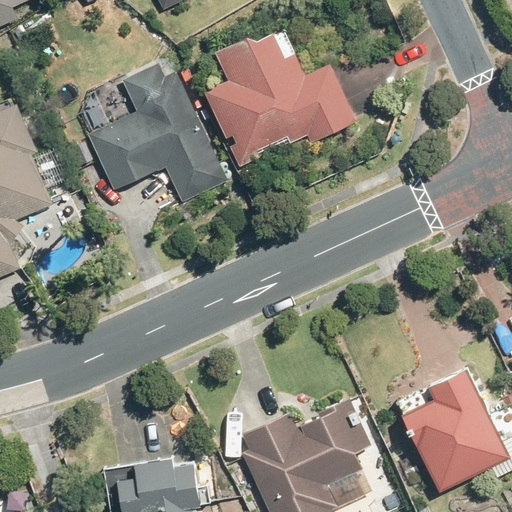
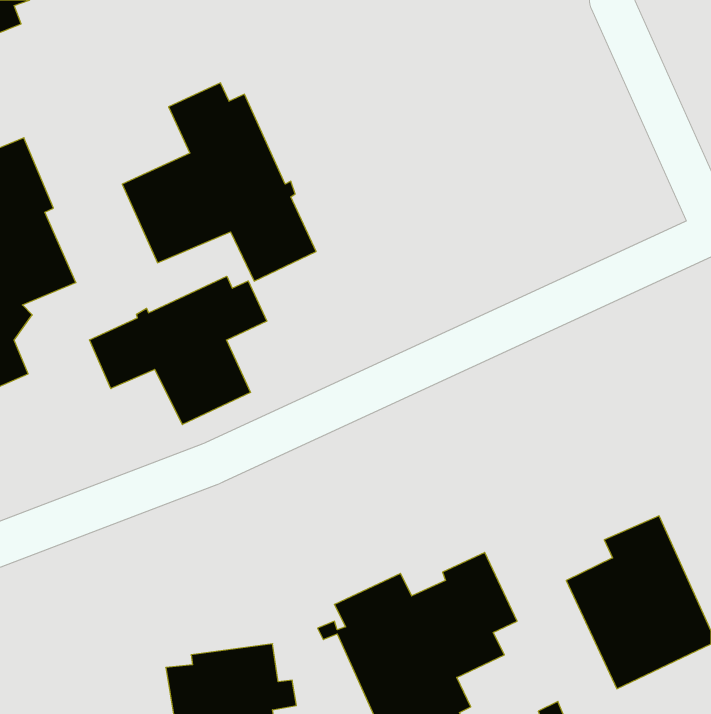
building: [205,32,356,168] -> none
building: none -> [90,276,267,425]

